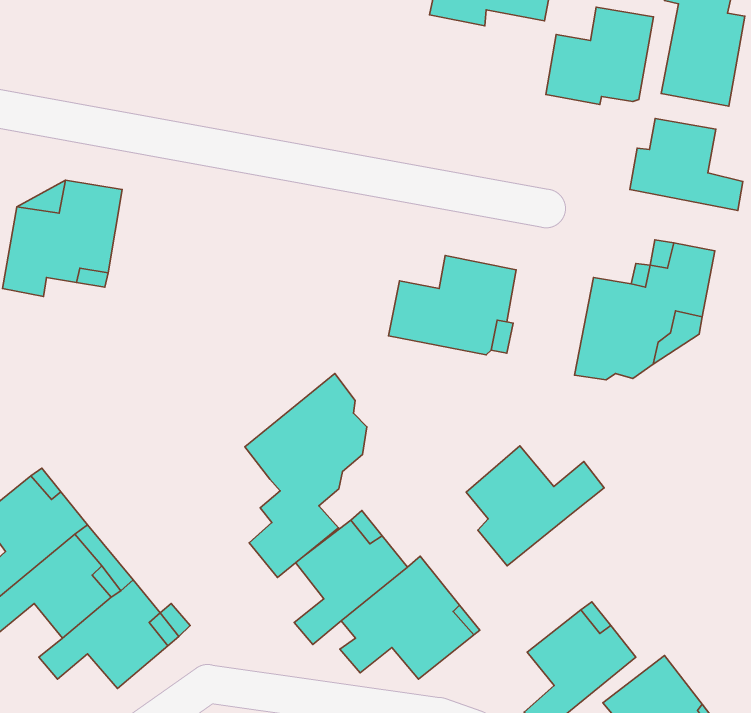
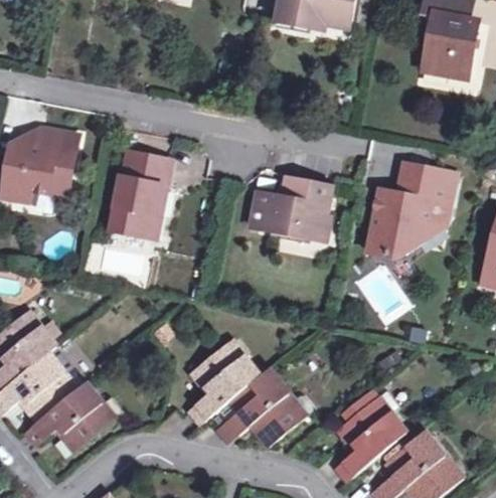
building: [546,7,653,104] -> none
building: [630,119,743,210] -> none
building: none -> [111,150,170,238]
building: [245,373,367,577] -> none
building: [466,446,604,566] -> none

